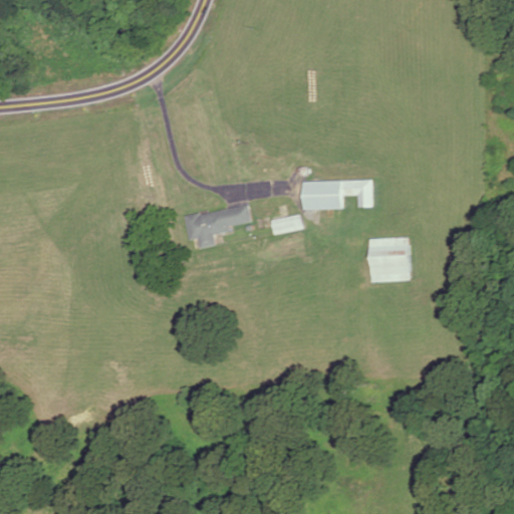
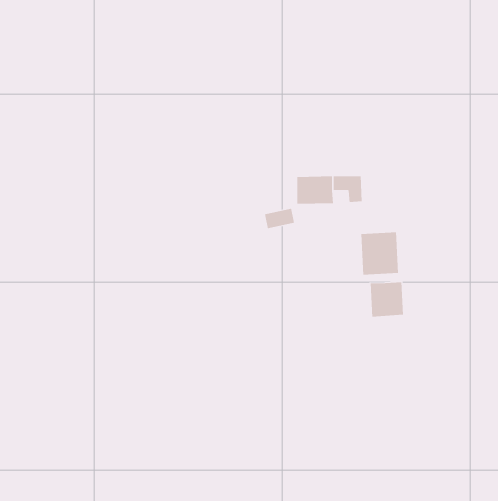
building: [185,204,252,247] -> none
building: none -> [370,281,404,317]

